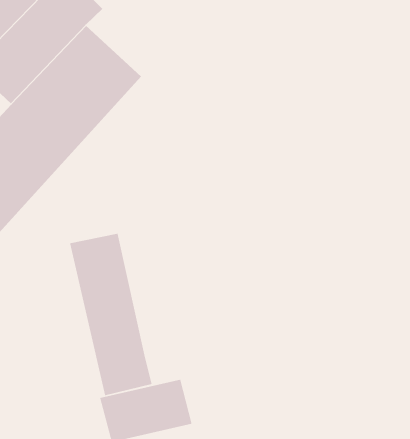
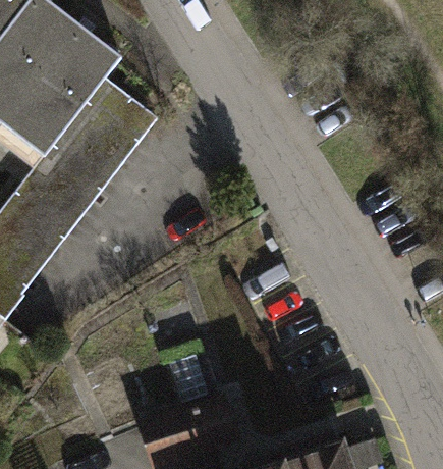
building: [69,233,153,396] -> none

